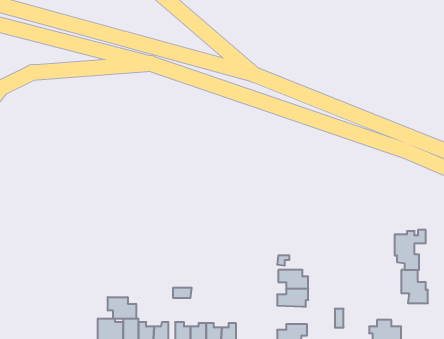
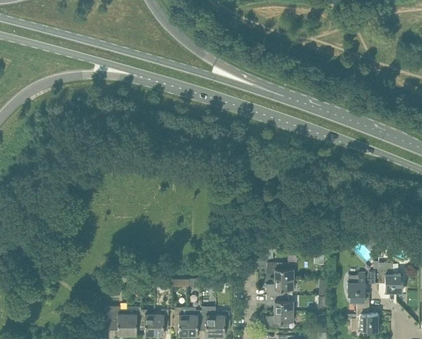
building: [395,230,426,270] -> [347,273,375,309]
building: [108,297,136,319] -> none
building: none -> [266,296,294,313]

